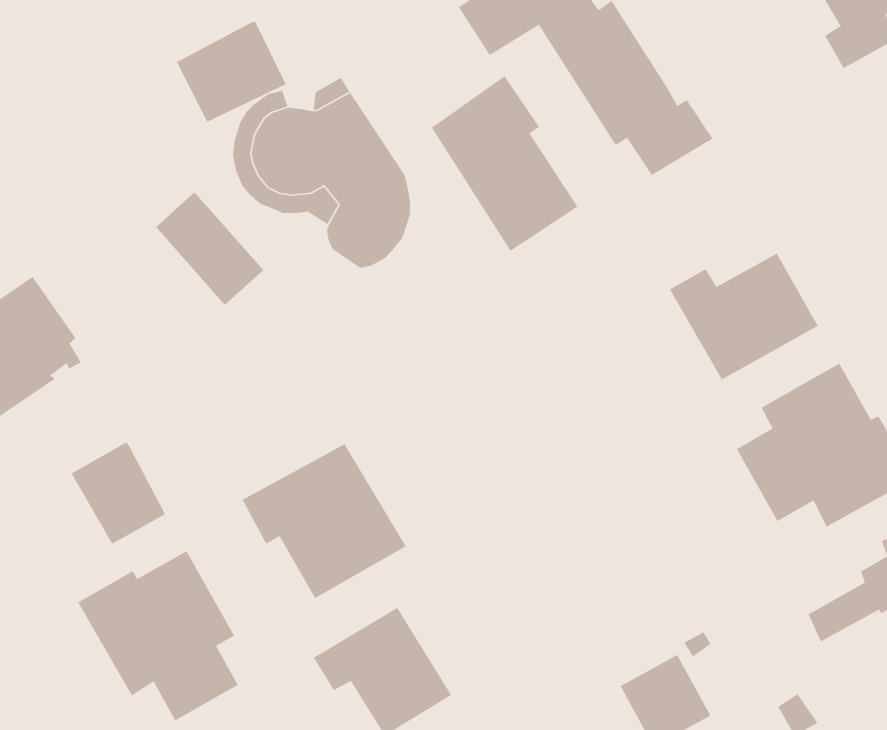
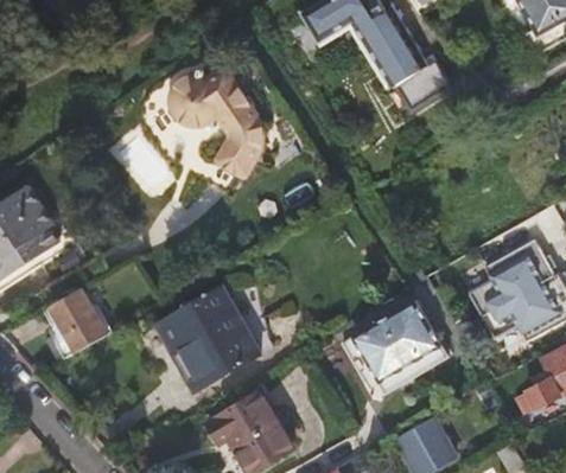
building: [176,21,287,123] -> none
building: [431,75,579,252] -> none
building: [669,252,819,381] -> none
building: none -> [348,299,445,395]
building: [77,550,239,722] -> none

